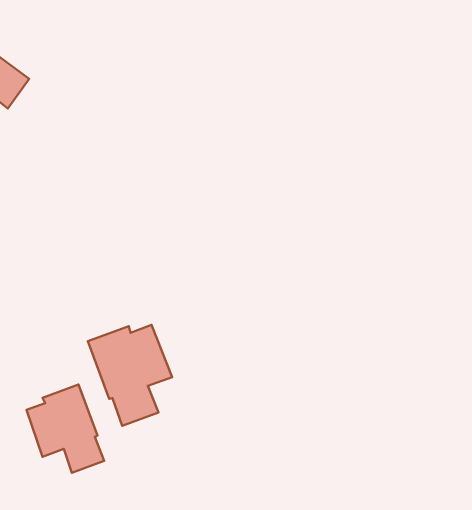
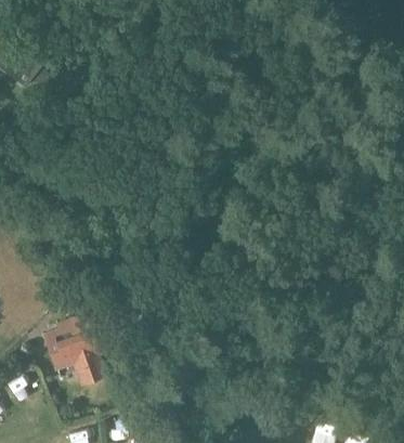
building: [88,325,172,426] -> none

